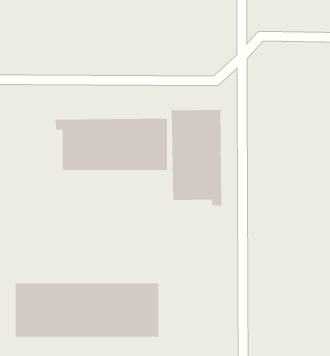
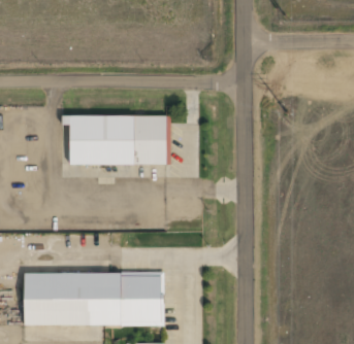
building: [171,109,222,206] -> none

